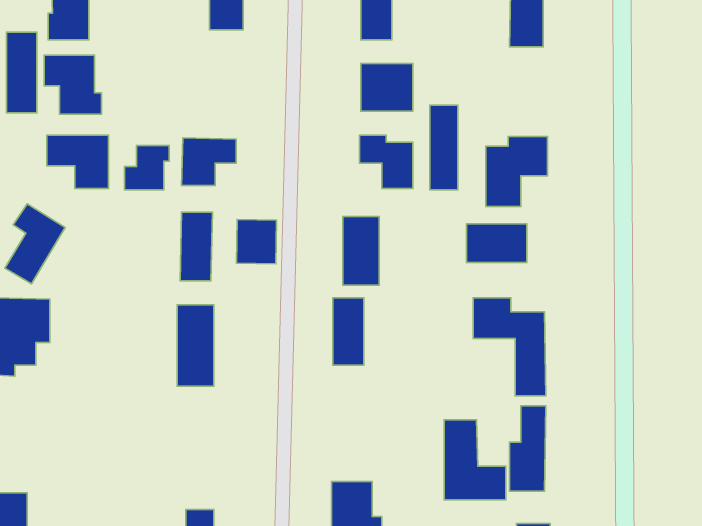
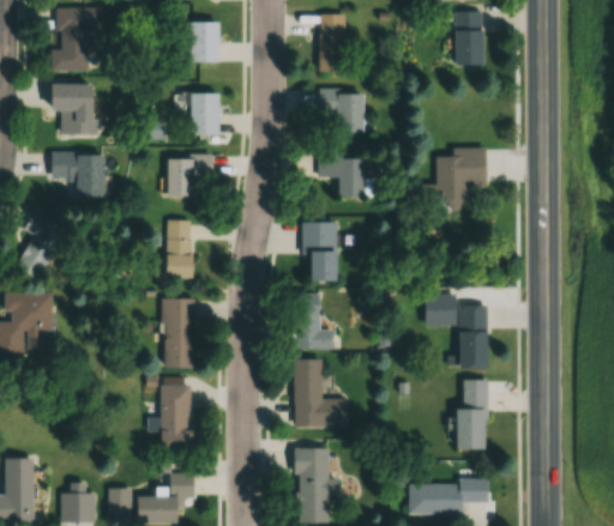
building: [7,32,37,113] -> none
building: none -> [191,92,219,134]
building: [430,105,458,190] -> none
building: [124,145,169,190] -> none
building: [236,219,277,264] -> none
building: [466,224,527,262] -> none
building: none -> [161,385,193,448]
building: [444,420,506,500] -> [294,358,347,427]

